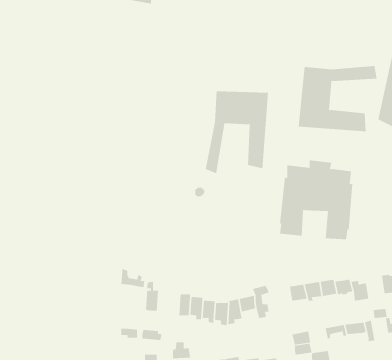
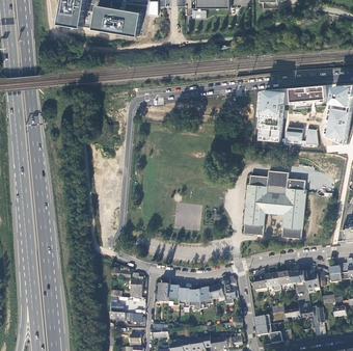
building: [205,90,268,174] -> none

